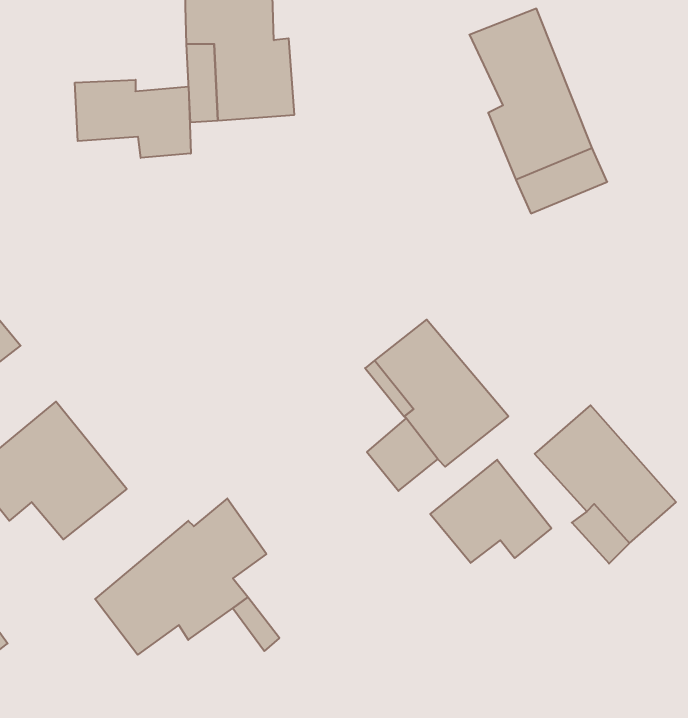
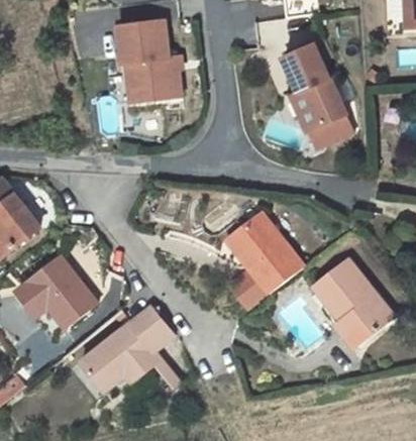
building: [75,80,191,158] -> none
building: [430,460,551,563] -> none

